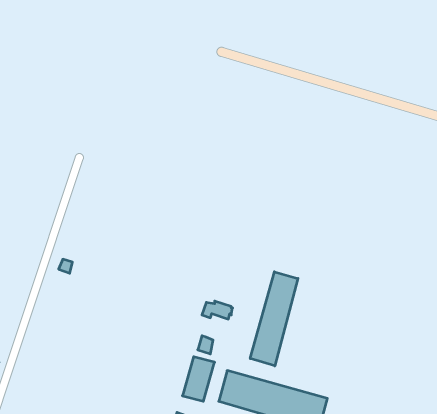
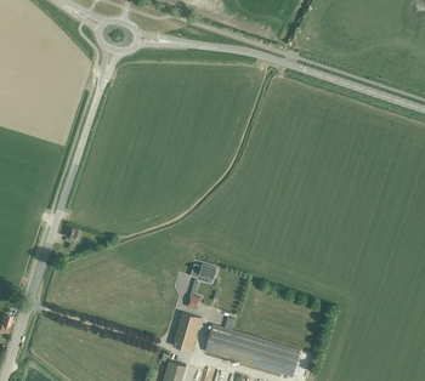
building: [250,272,298,366] -> none

